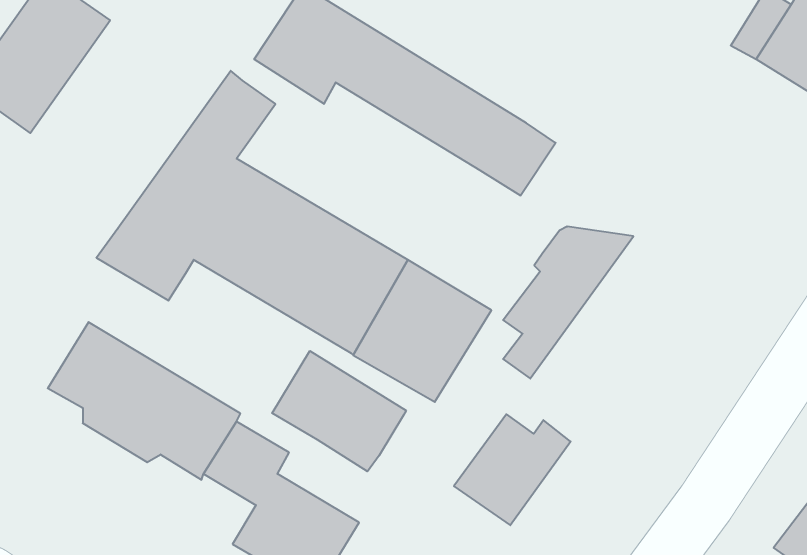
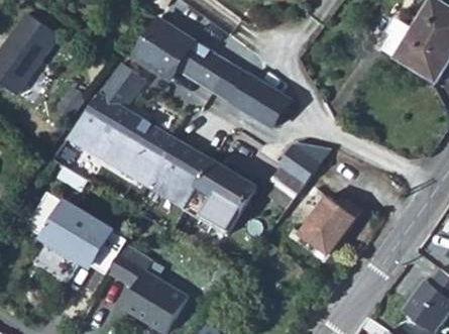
building: [272,351,406,471] -> none
building: [454,414,571,525] -> [300,197,360,254]

